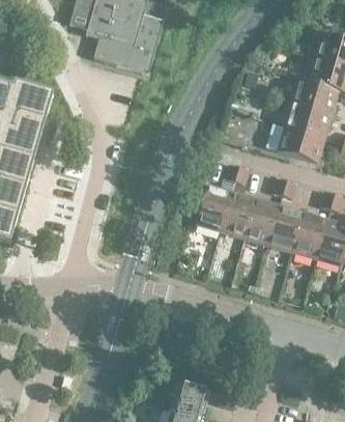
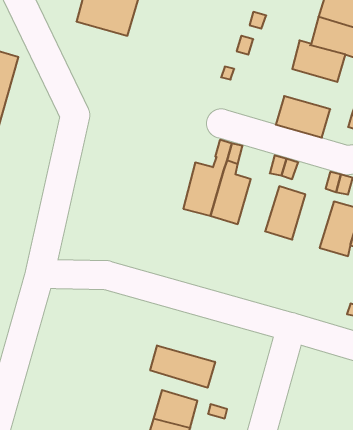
building: [284,102,330,137] -> none
building: [243,198,280,244] -> none
building: [291,212,327,258] -> none
building: none -> [150,345,215,388]

